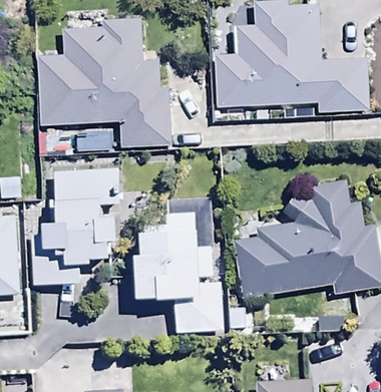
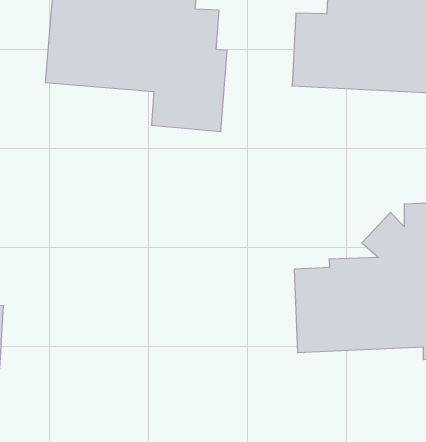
building: [33,166,119,283] -> none
building: [138,212,224,333] -> none

